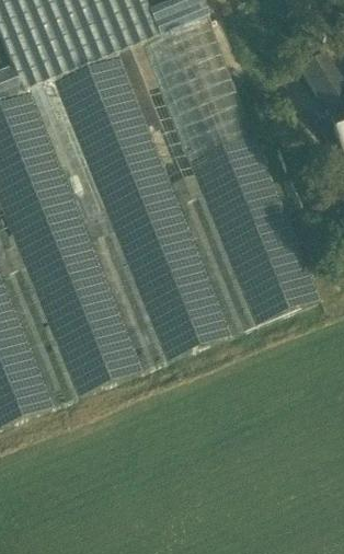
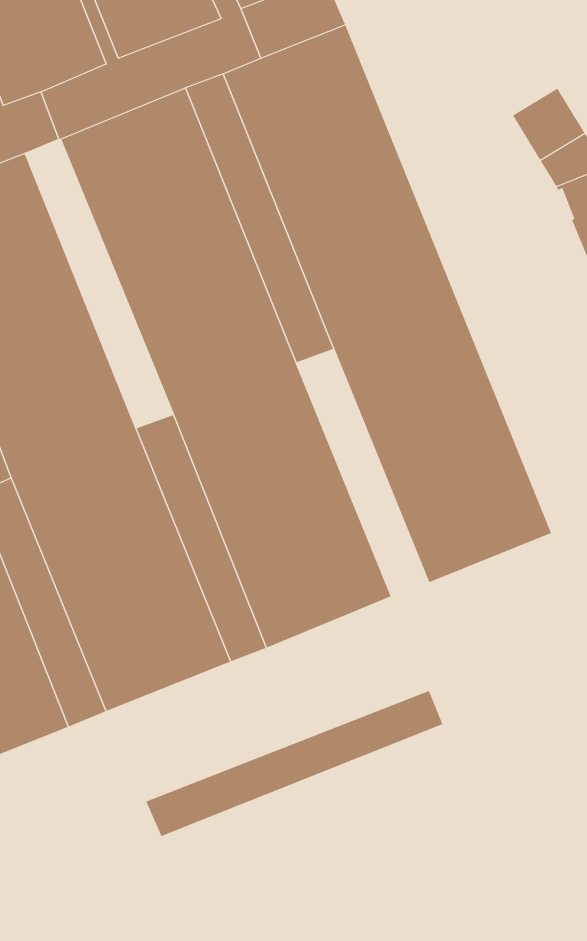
building: [24,80,106,240] -> none
building: [174,196,248,333] -> none
building: none -> [146,690,443,837]

